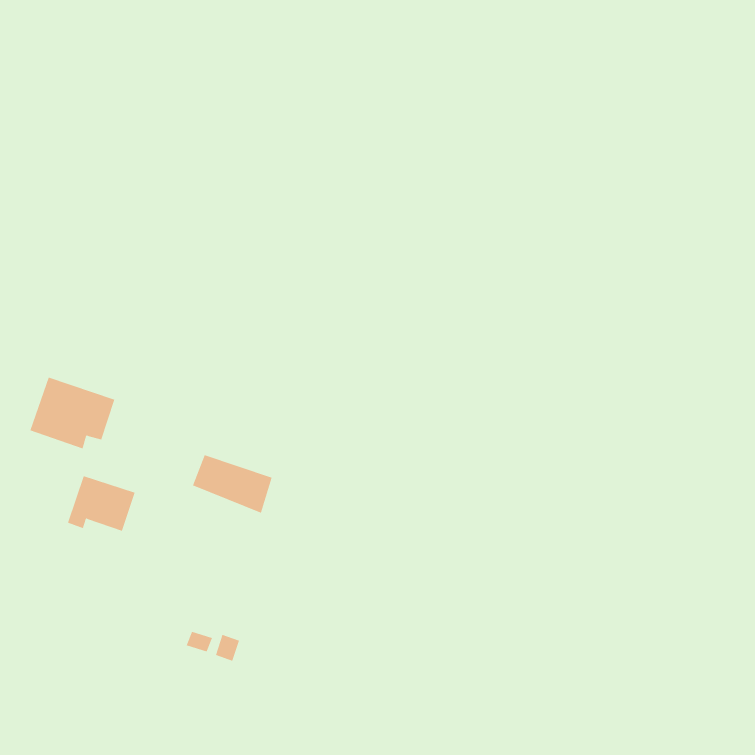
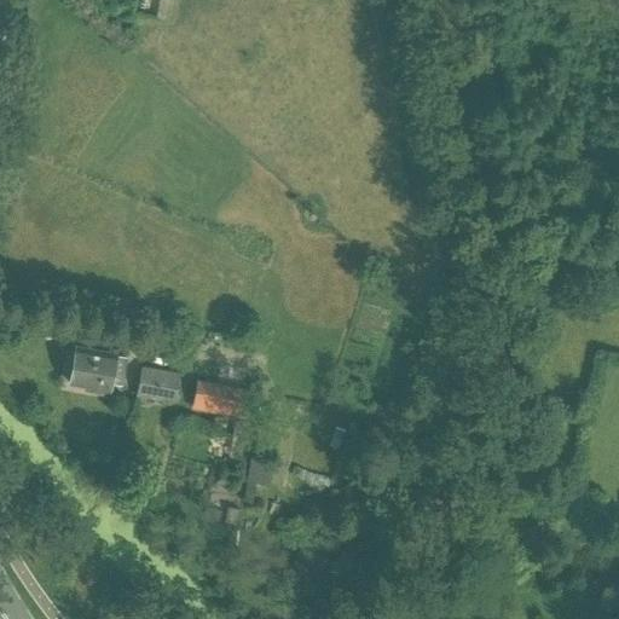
building: [67,476,135,532] -> [135,368,180,405]

